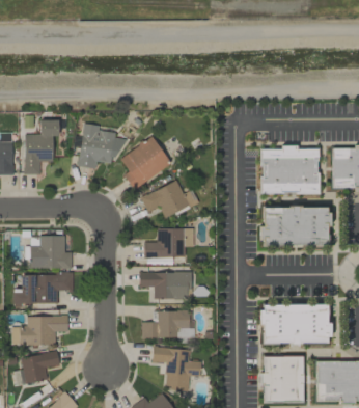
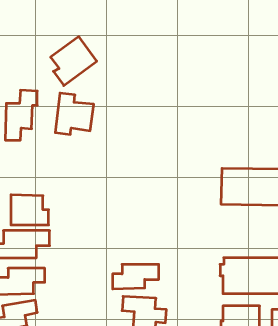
building: [120,136,171,190] -> [51,37,97,86]
building: [260,147,319,194] -> none
building: [141,181,198,217] -> none
building: [144,228,193,257] -> none
building: [139,271,191,298] -> none

